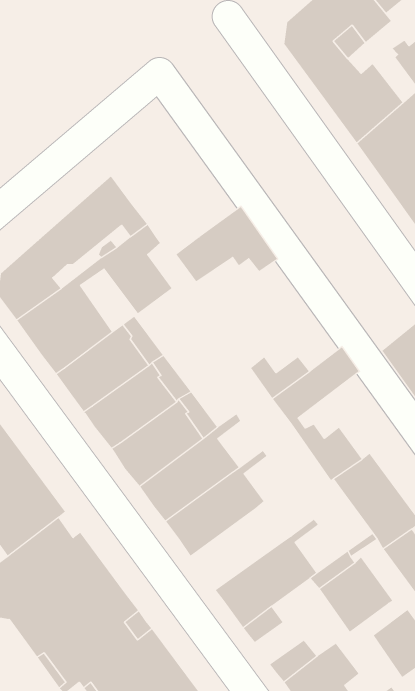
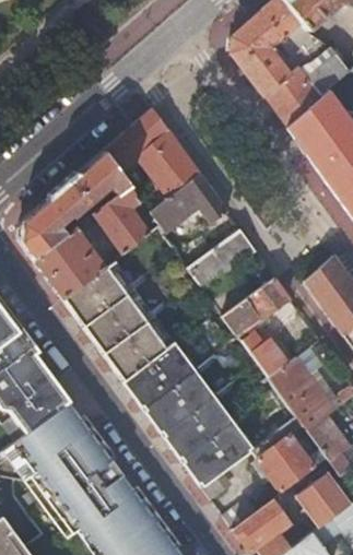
building: none -> [104,108,201,212]
building: none -> [189,231,257,291]
building: none -> [163,381,239,461]

